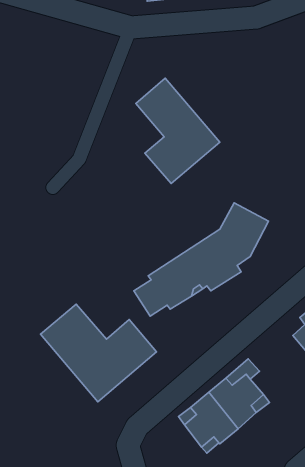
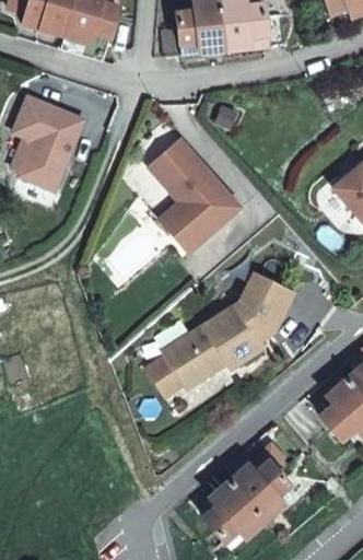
building: none -> [13,95,83,189]
building: [41,304,156,402] -> none

